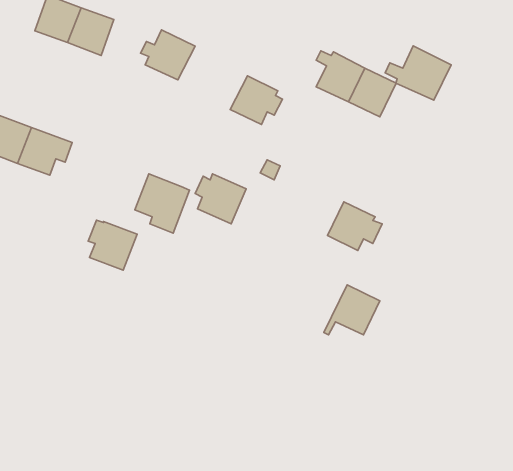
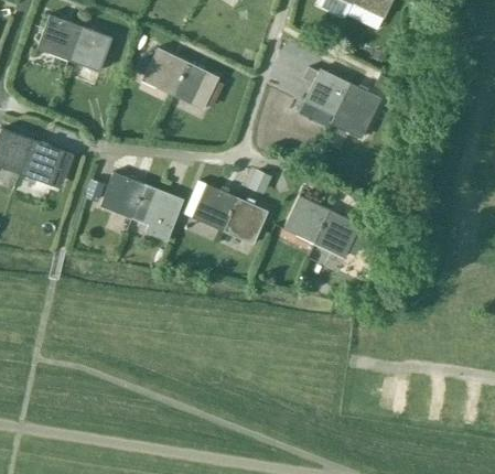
building: [385,46,451,100] -> none
building: [230,76,282,125] -> [173,63,223,109]
building: none -> [224,198,268,244]
building: [88,220,137,270] -> [99,171,146,218]
building: [324,285,380,335] -> [278,195,331,243]

